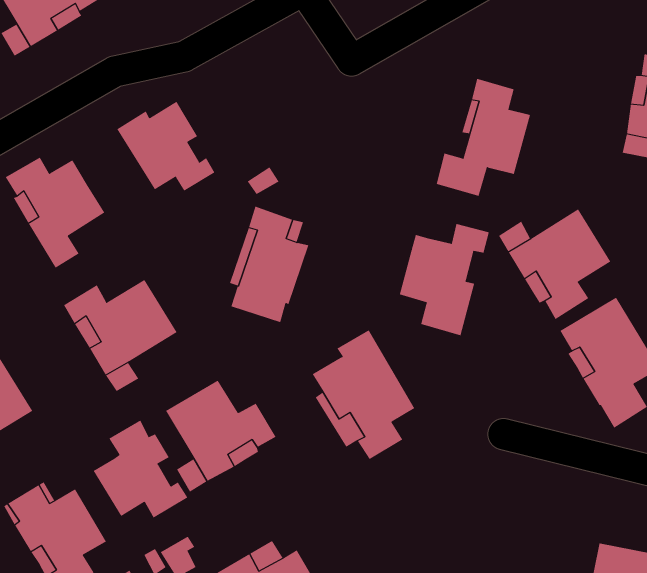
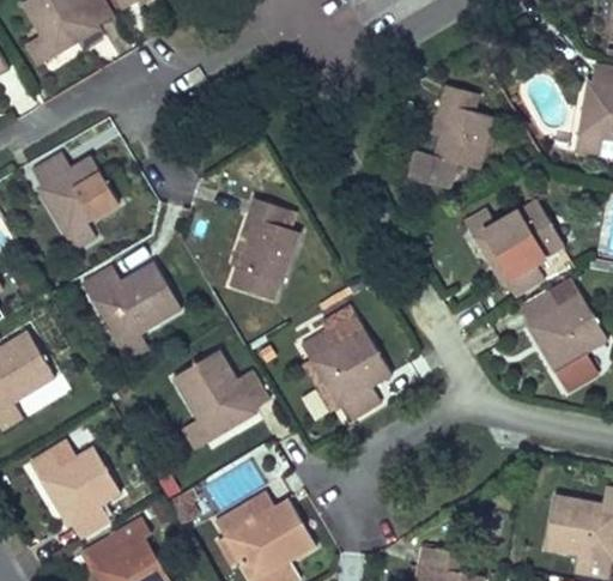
building: [116,101,215,192] -> none
building: [399,223,490,336] -> none
building: [93,419,188,518] -> none

